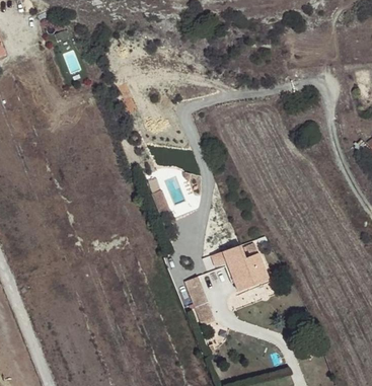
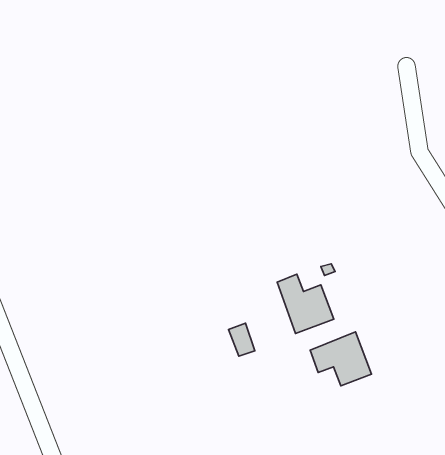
building: none -> [310,332,372,386]

